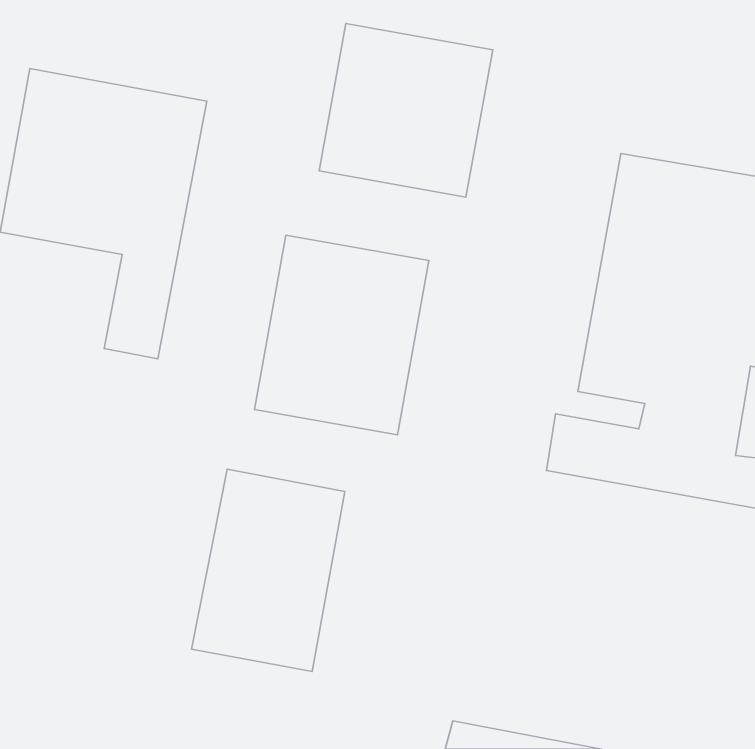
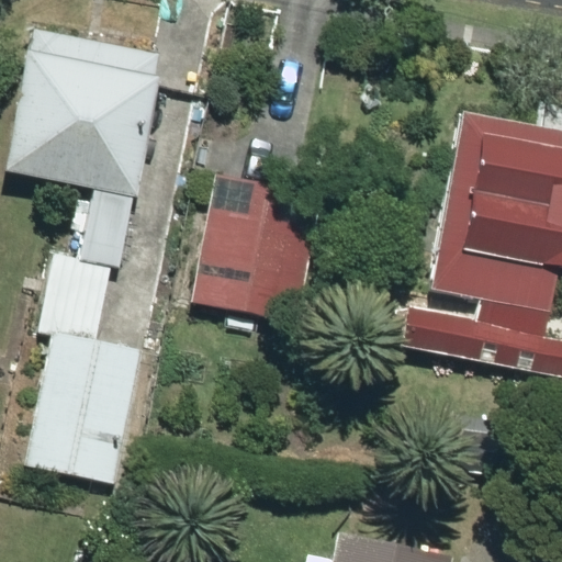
building: [319,24,493,197] -> none
building: [191,469,345,672] -> [27,331,140,481]

